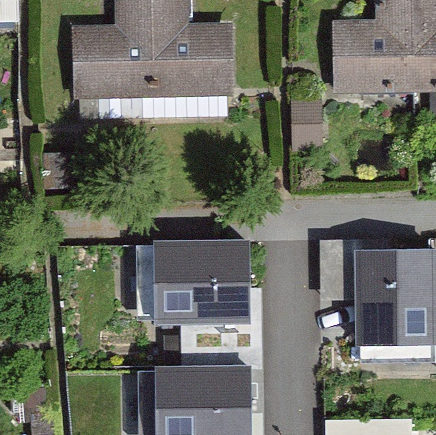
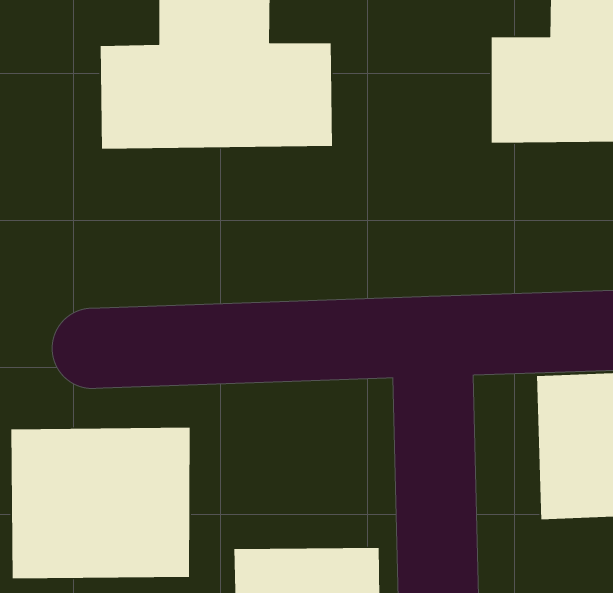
building: [156,239,254,324] -> none
building: none -> [11,427,190,579]

